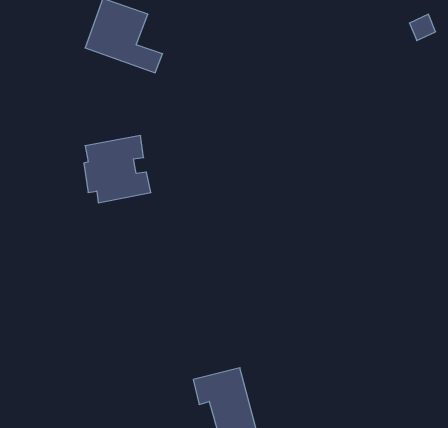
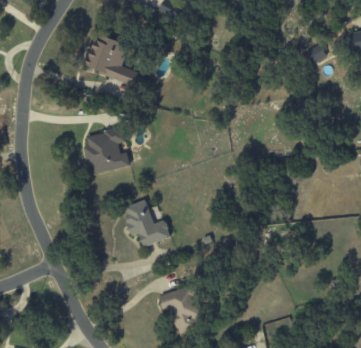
building: none -> [122,199,171,247]

